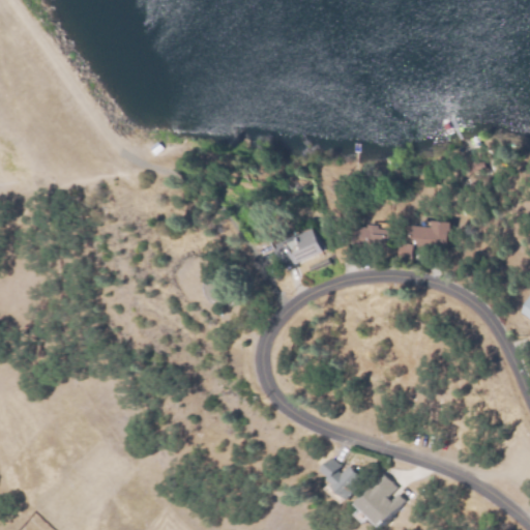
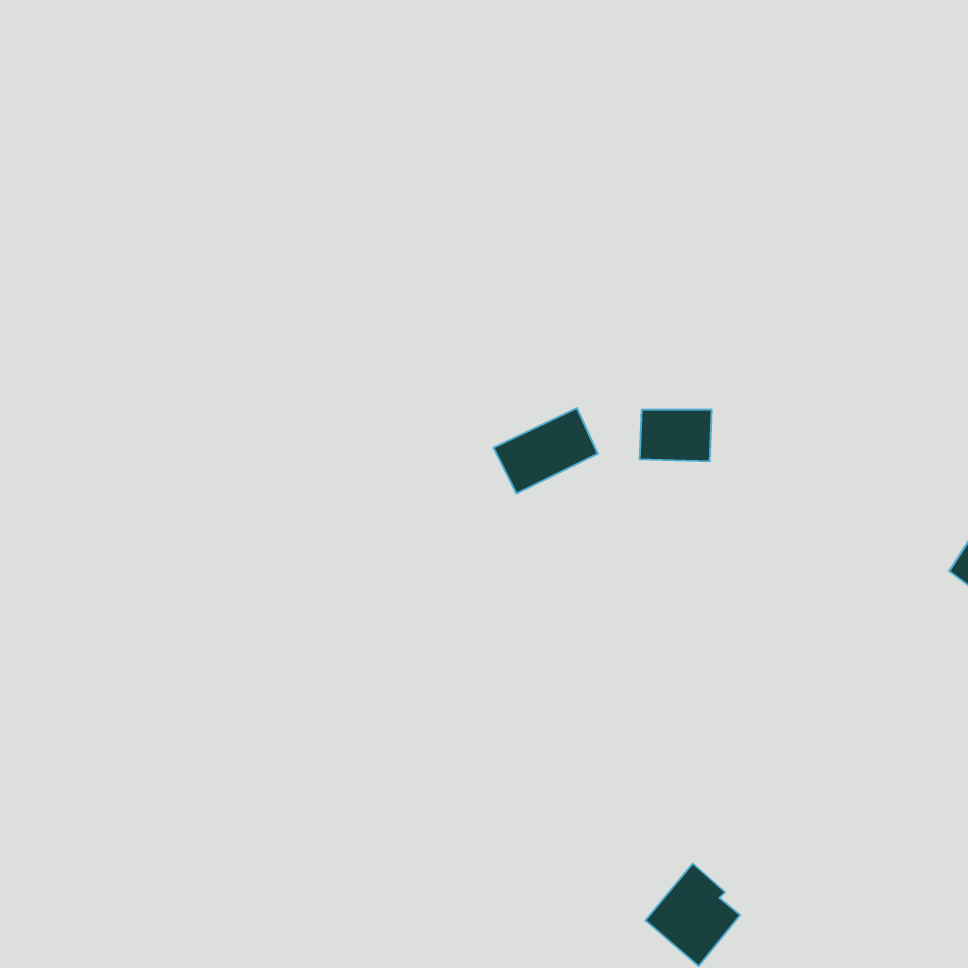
building: [398,219,449,262] -> none
building: [320,454,363,502] -> none

